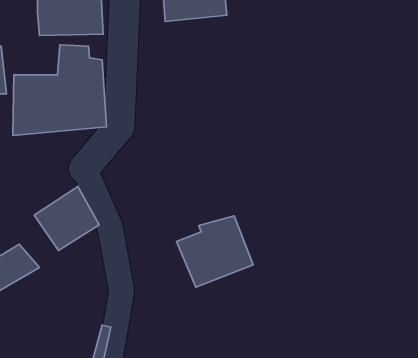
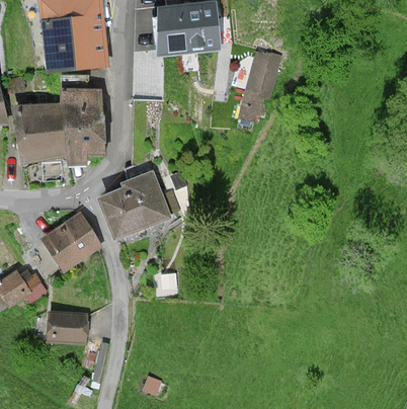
building: none -> [237,53,286,127]
building: [177,216,253,287] -> [96,170,169,238]
building: none -> [45,312,87,345]

